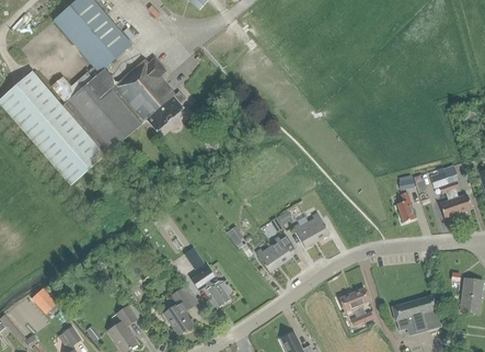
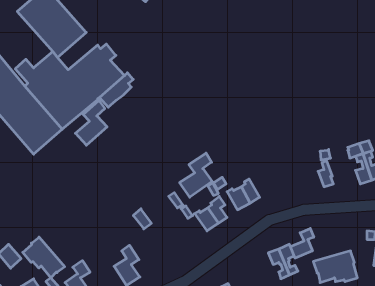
building: none -> [75,101,107,145]
building: none -> [180,153,212,197]
building: [189,265,230,306] -> none
building: none -> [290,228,314,258]
building: none -> [23,237,65,278]

